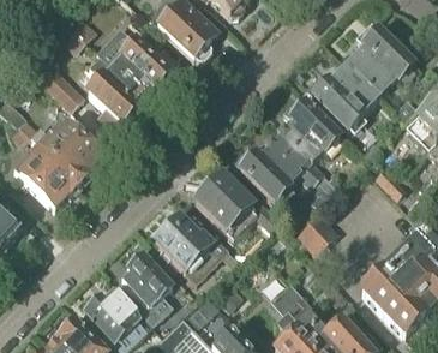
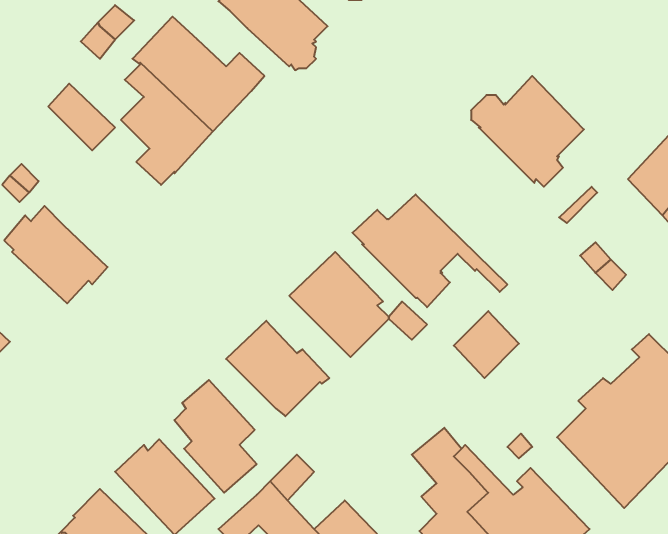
building: [346,23,412,109] -> none
building: [272,95,344,195] -> none
building: [40,116,101,181] -> none

